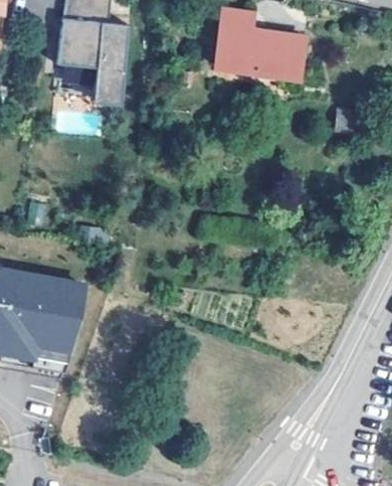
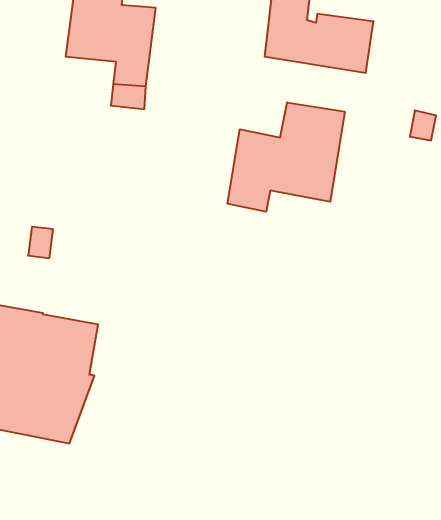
building: none -> [227,102,345,212]

